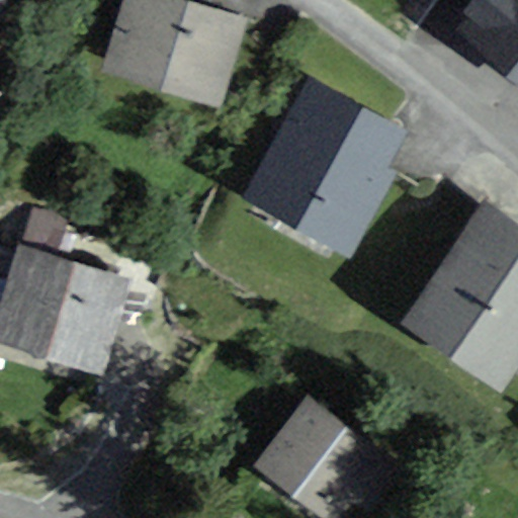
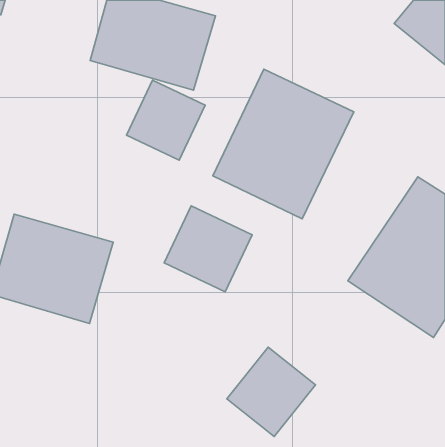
building: none -> [127,80,205,160]
building: none -> [164,206,252,292]

